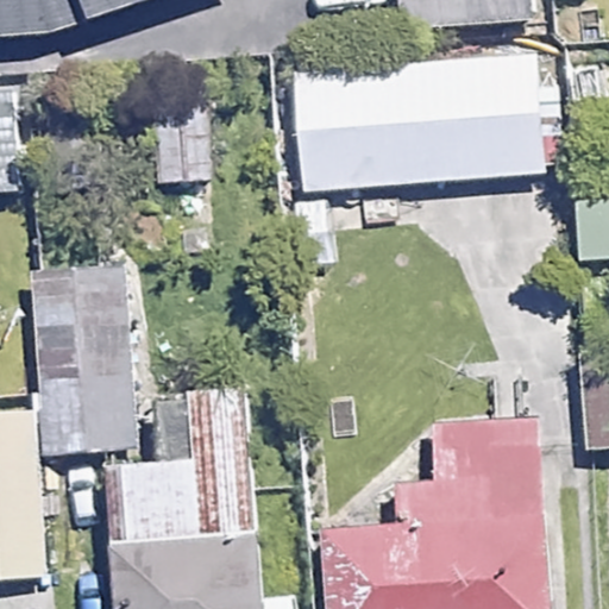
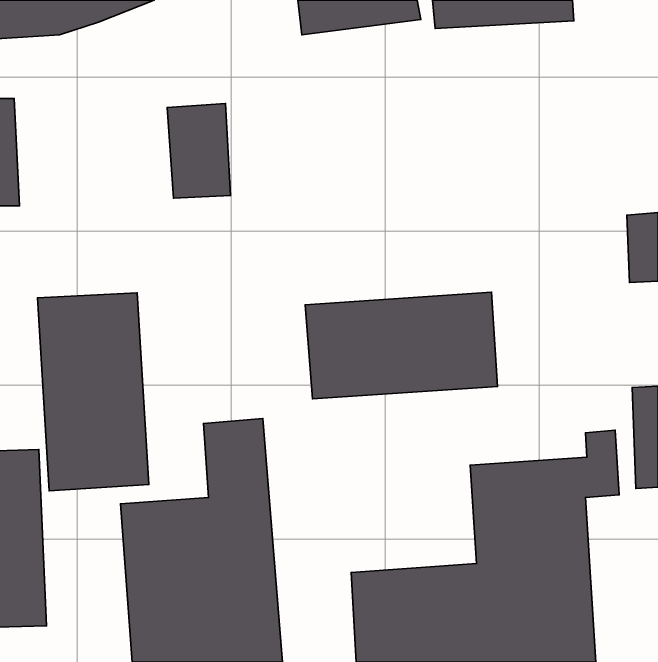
building: [291,55,546,188] -> none
building: none -> [305,292,497,399]

